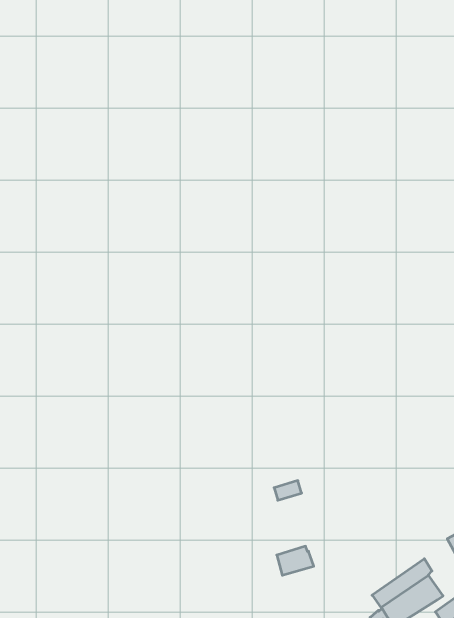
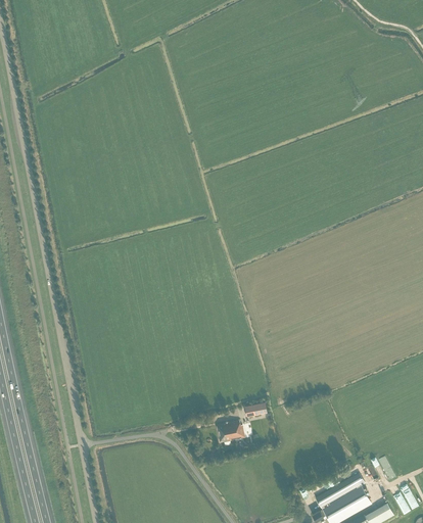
building: [277,546,314,575] -> [217,421,245,442]

